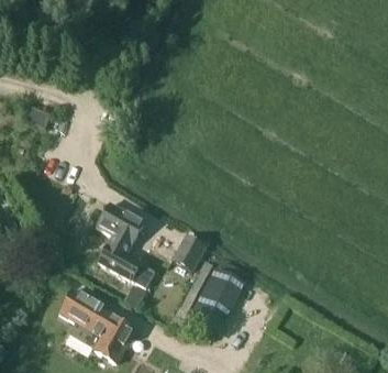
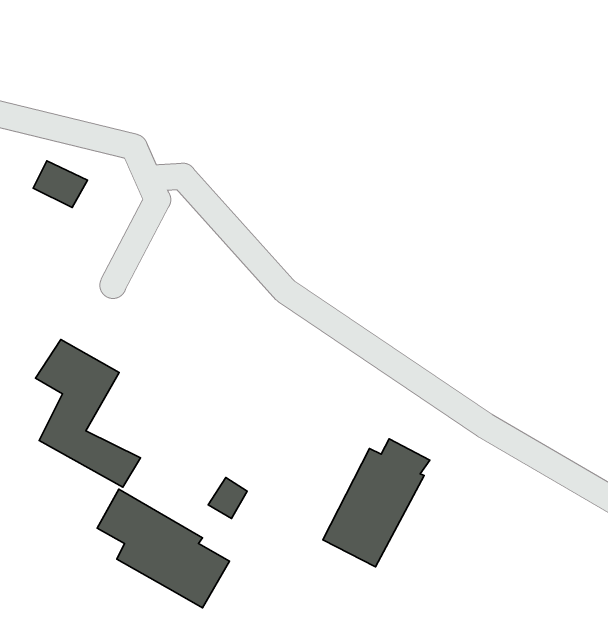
building: [96,205,155,288] -> [35,339,140,487]
building: [169,234,206,272] -> none

